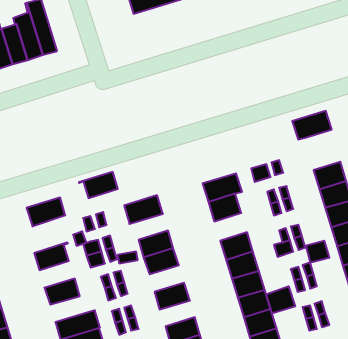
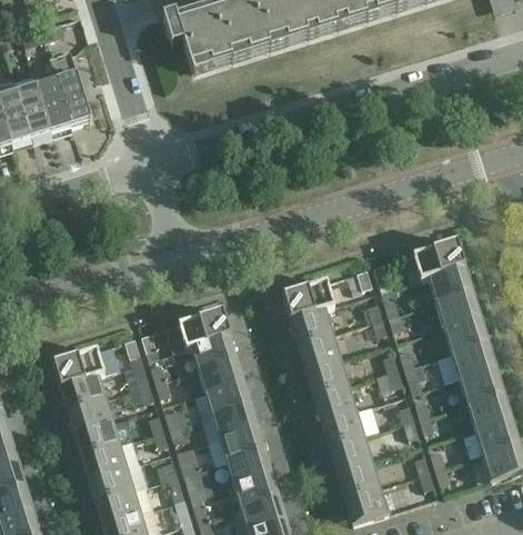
building: [292,111,332,140] -> [411,240,463,278]
building: [79,172,118,198] -> [184,334,235,368]
building: [27,198,65,226] -> [51,348,102,386]
building: none -> [296,333,340,369]
building: none -> [66,396,112,432]
building: none -> [211,402,257,437]
building: [266,286,295,314] -> none
building: none -> [80,438,138,477]
building: none -> [224,448,271,483]

